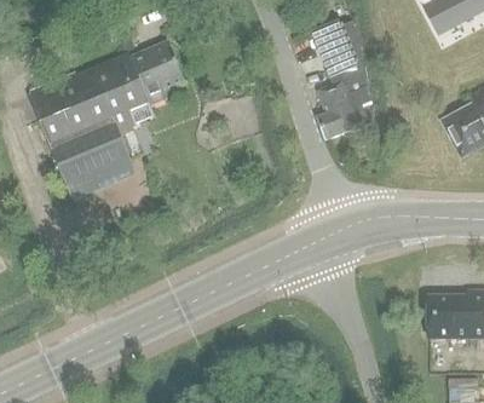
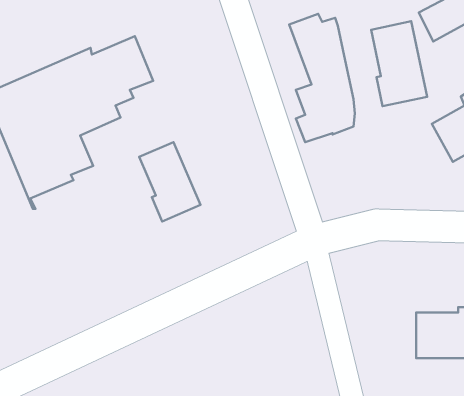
building: none -> [371,21,427,106]
building: none -> [139,142,200,221]

